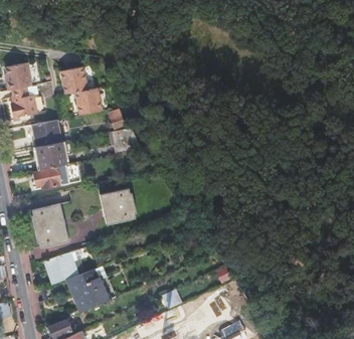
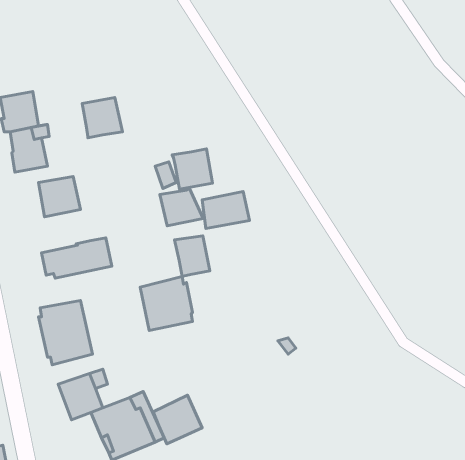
building: [74,88,102,115] -> [172,149,212,189]
building: none -> [202,191,249,228]
building: [33,142,65,169] -> none
building: none -> [174,236,210,277]
building: none -> [153,395,202,444]

